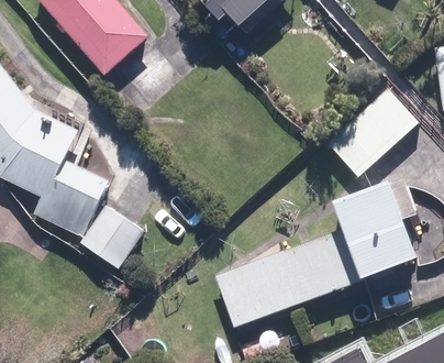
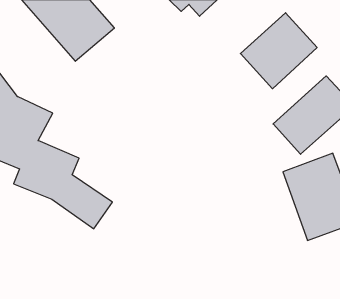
building: none -> [240,13,317,89]
building: [215,228,363,327] -> none

